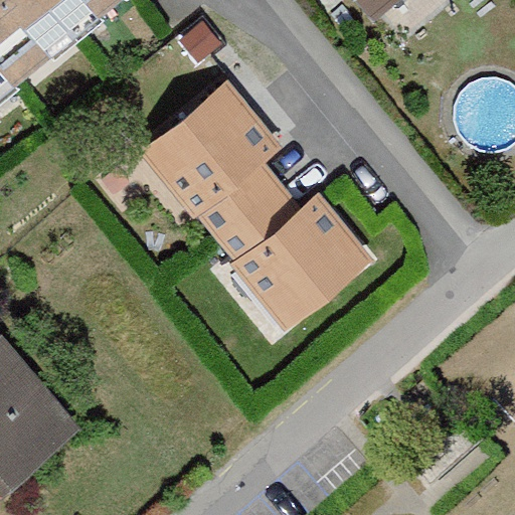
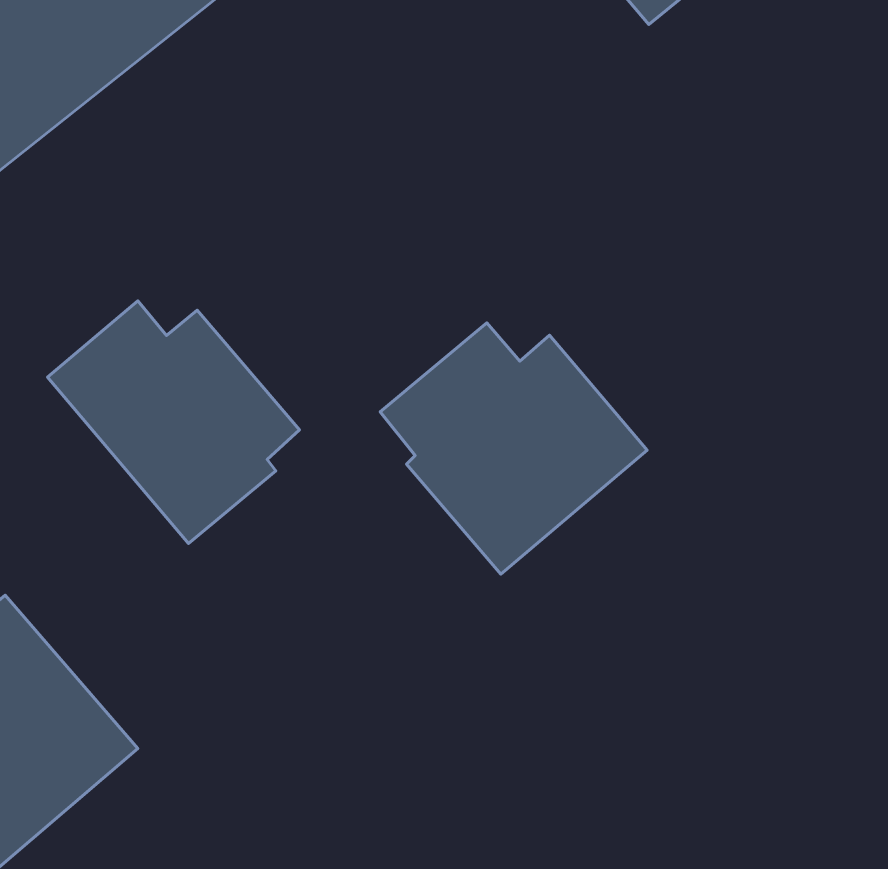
building: [140,81,283,237] -> none
building: none -> [47,301,300,543]

